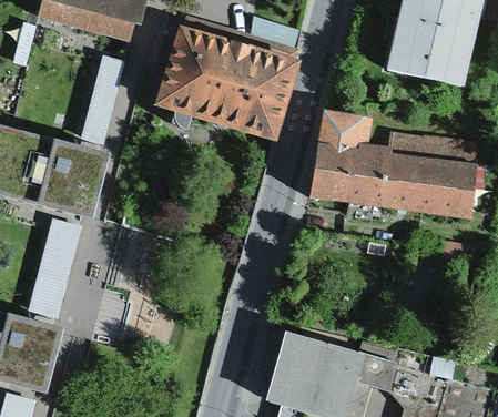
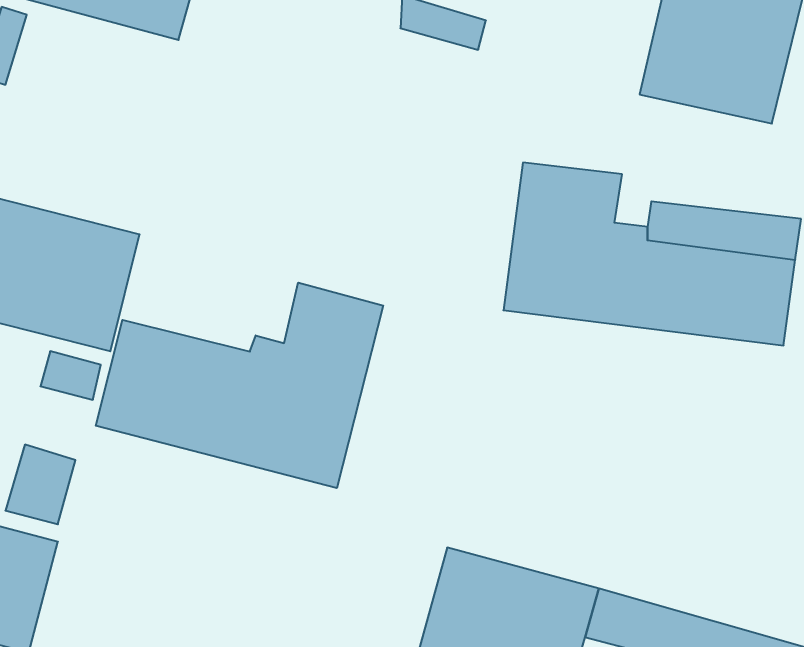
building: [150,24,295,141] -> none
building: [81,55,126,143] -> none
building: none -> [96,283,383,488]
building: [39,237,78,279] -> none

